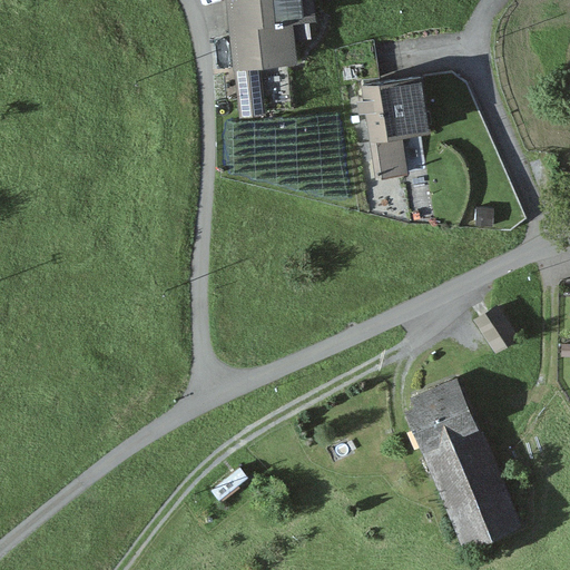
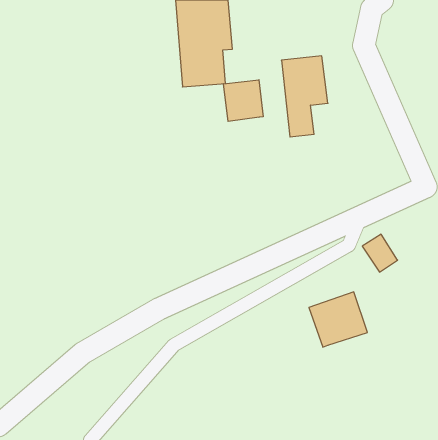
building: none -> [224,80,263,121]
building: [424,426,519,551] -> none

